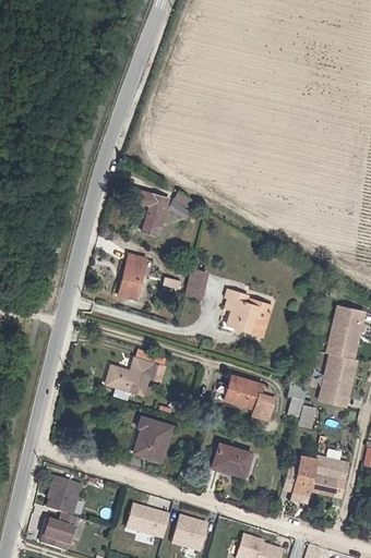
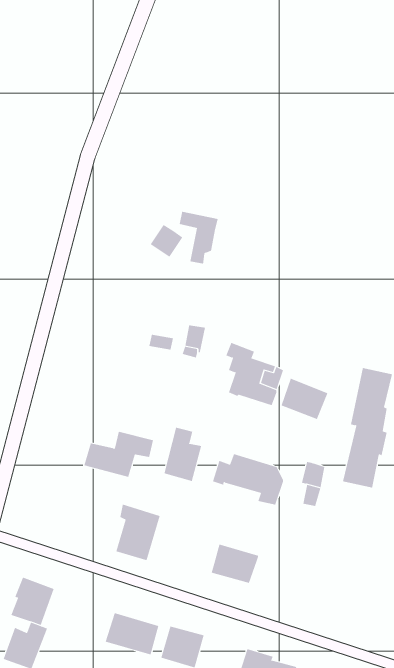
building: [130,186,163,230] -> [179,211,219,264]
building: [116,251,145,298] -> none
building: none -> [281,378,328,420]
building: none -> [164,427,202,482]
building: [294,453,339,493] -> none

